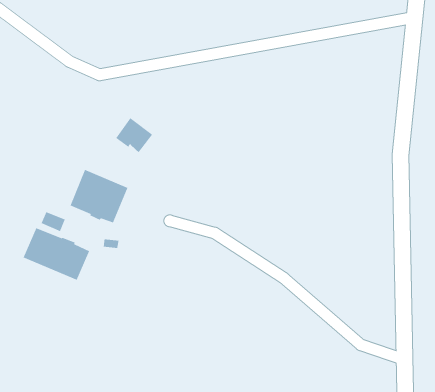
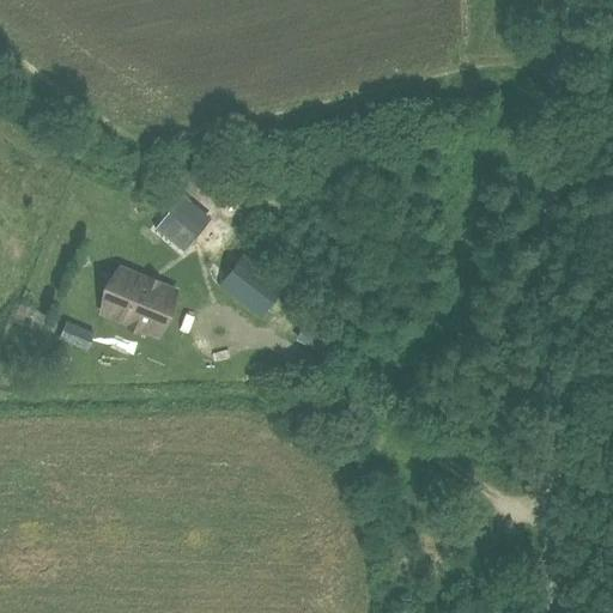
building: none -> [220,256,284,318]
building: [22,227,90,281] -> none

